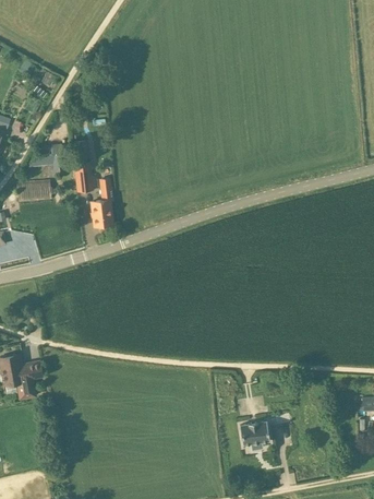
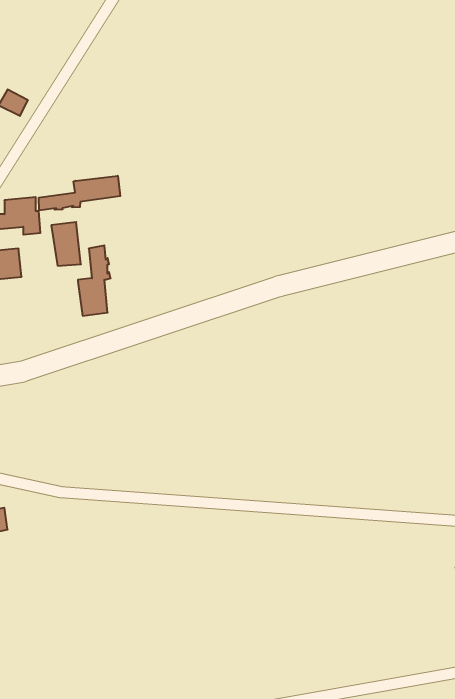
building: none -> [39,176,120,210]
building: [240,420,269,444] -> none

